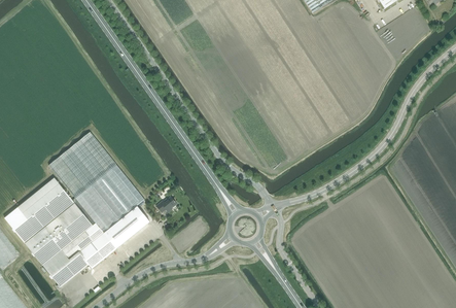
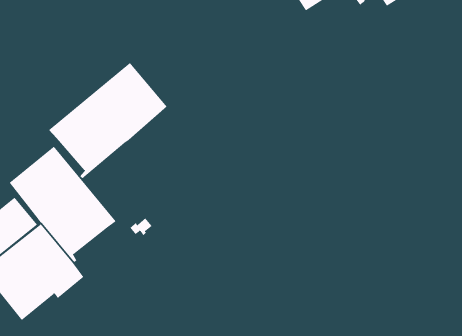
building: none -> [48,62,167,179]
building: [106,205,149,248] -> none

